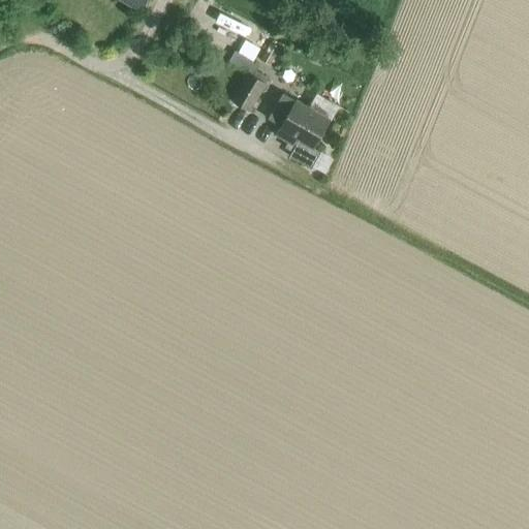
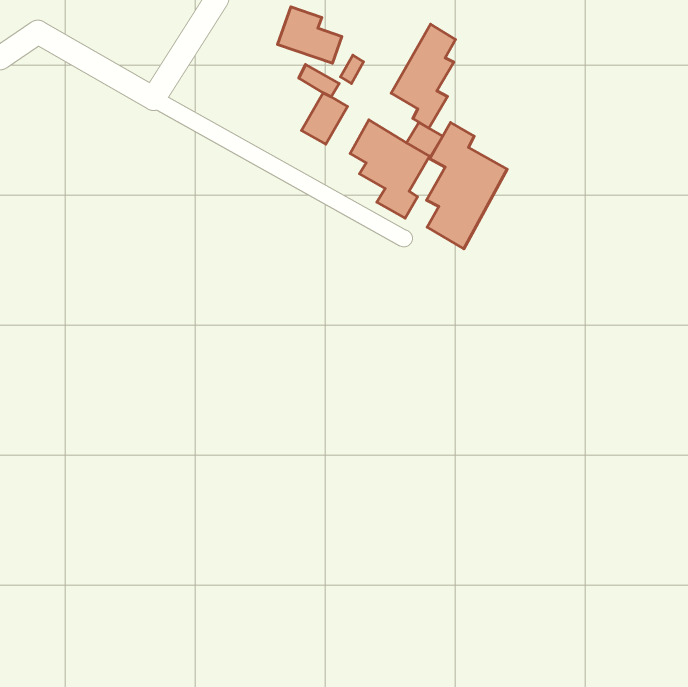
building: none -> [391,24,456,128]
building: none -> [427,123,507,249]

